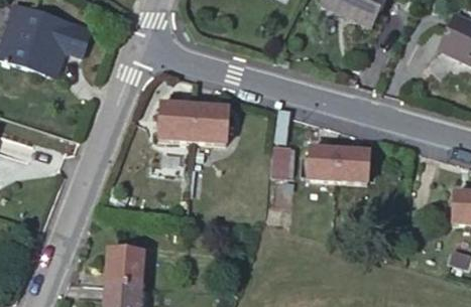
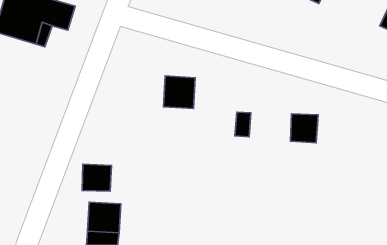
building: [158,104,194,142] -> none
building: [308,148,338,181] -> none
building: none -> [82,164,111,191]

